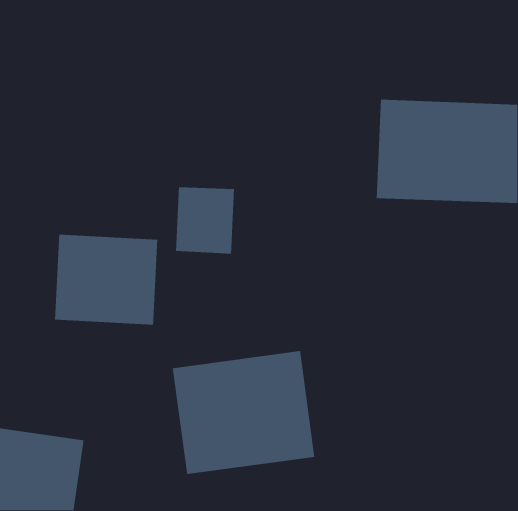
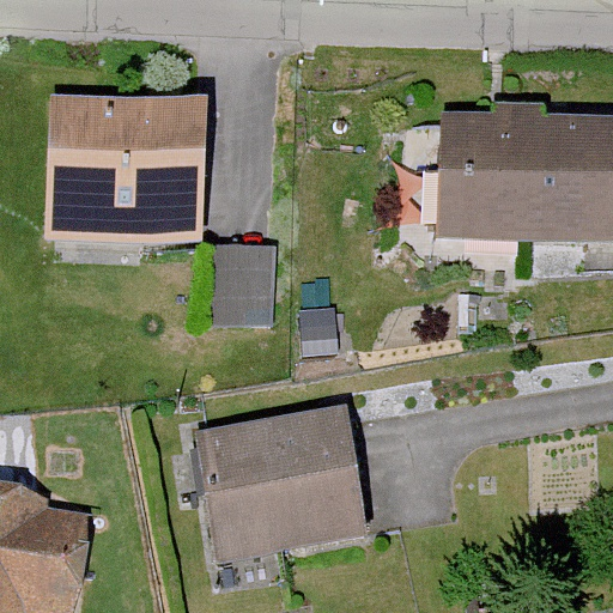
building: none -> [38,96,207,241]
building: [54,234,158,325] -> none

